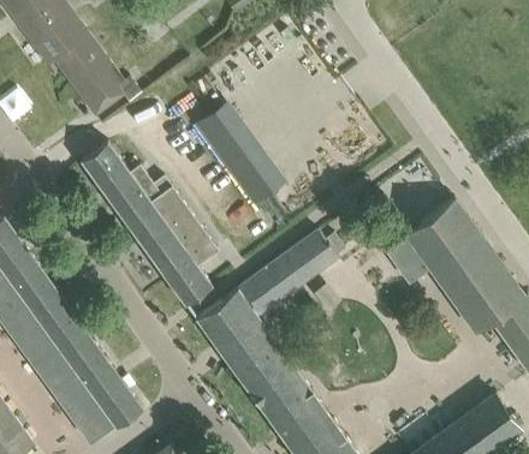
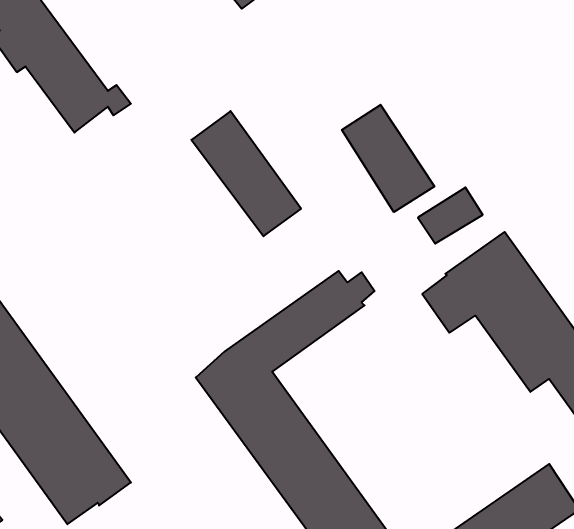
building: none -> [342,105,434,212]
building: [81,143,215,305] -> none

